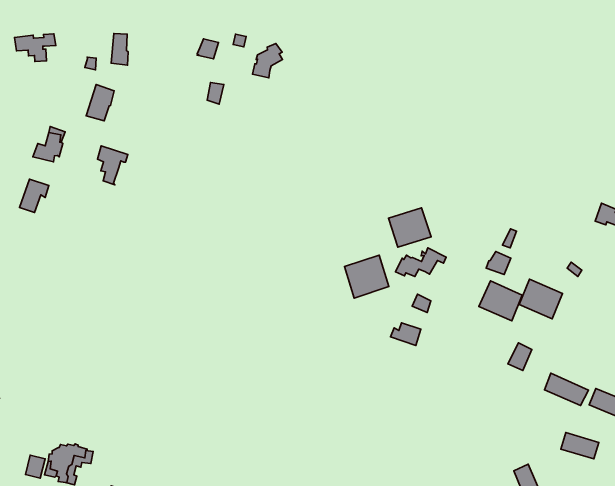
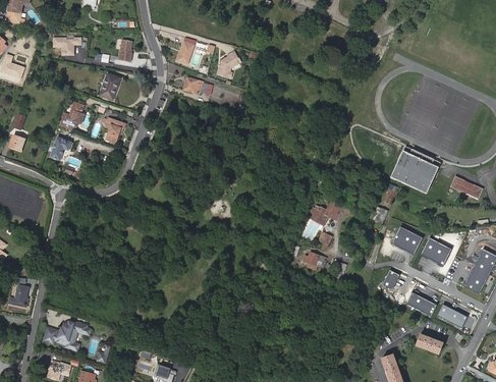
building: none -> [391,147,439,192]
building: [388,208,431,247] -> none
building: [344,255,389,298] -> none
building: [479,281,522,321] -> [421,236,451,265]

